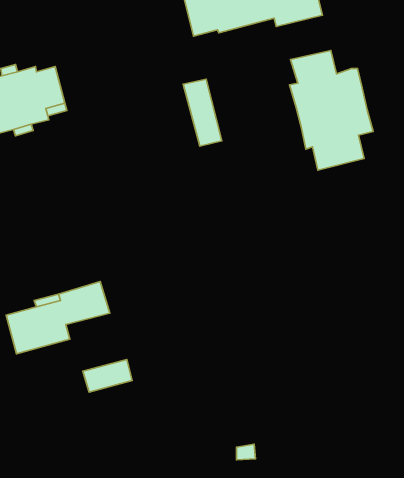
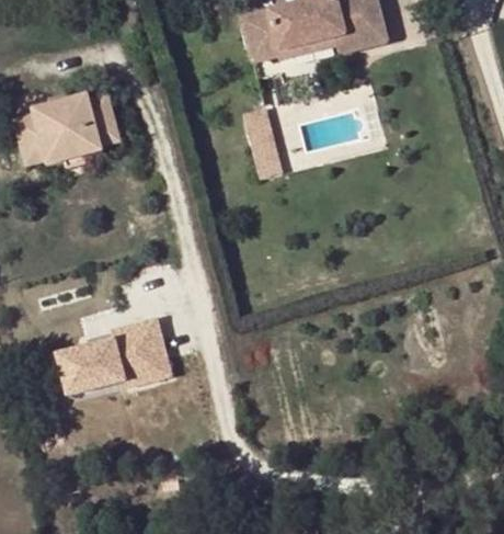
building: [290,51,373,170] -> none
building: [83,359,132,392] -> [118,352,170,386]

